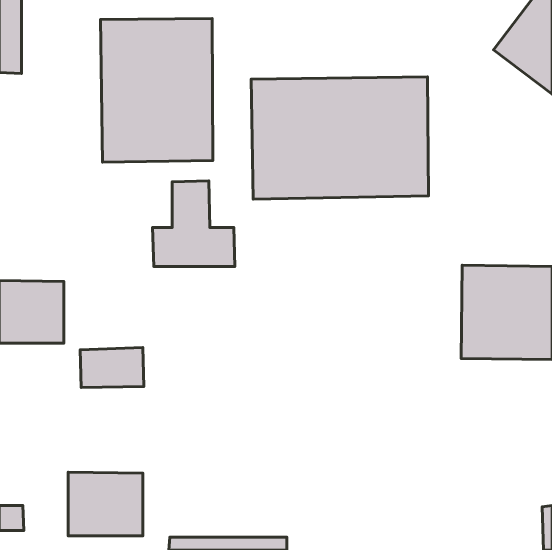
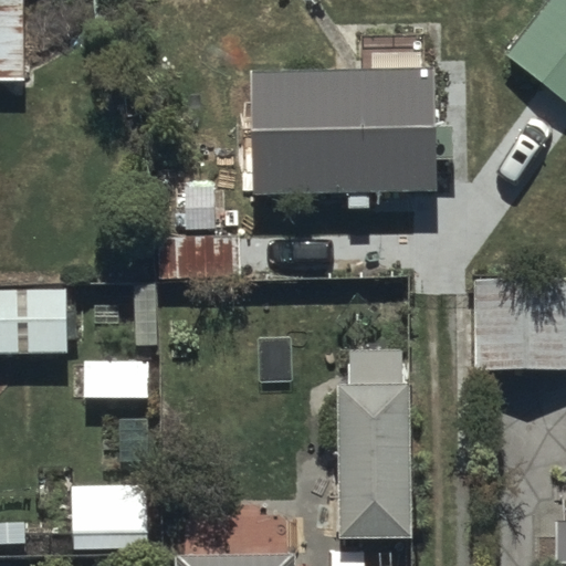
building: [101,19,213,162] -> none
building: none -> [338,354,416,545]

